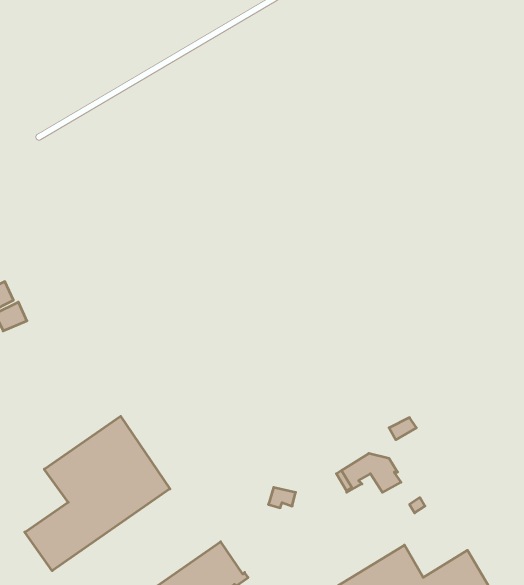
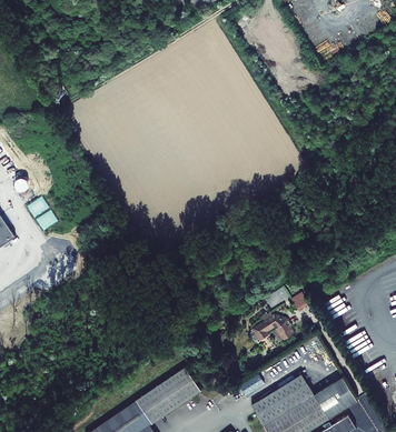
building: [25,416,170,571] -> none

